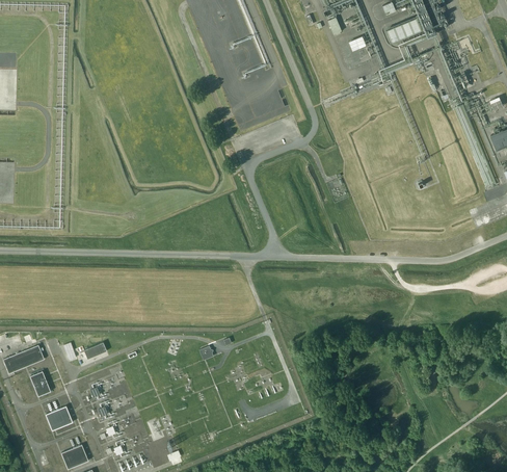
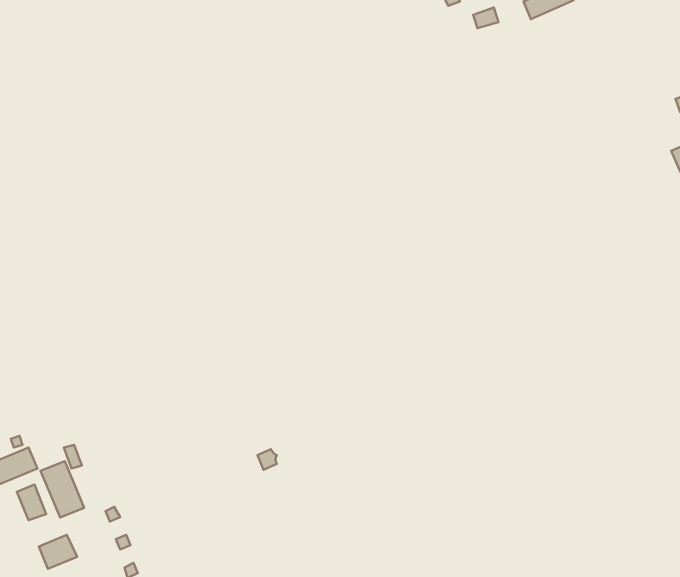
building: none -> [41,461,84,518]

